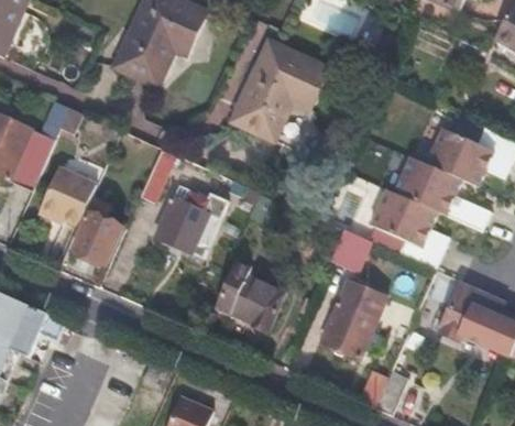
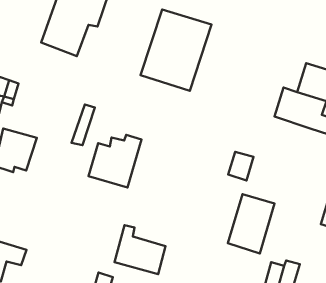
building: [370,186,446,267] -> none
building: [73,199,121,265] -> none
building: [217,261,283,327] -> [115,225,165,274]

